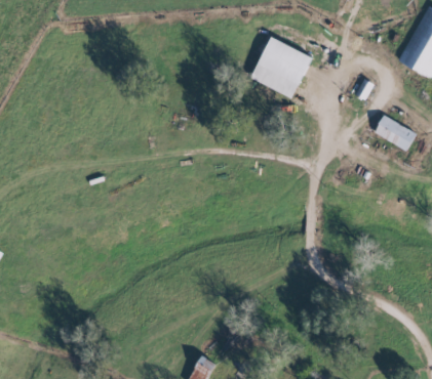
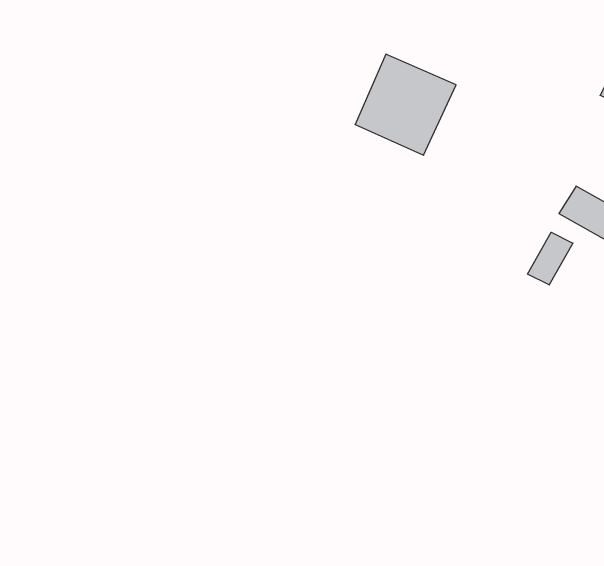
building: none -> [528,232,573,285]

